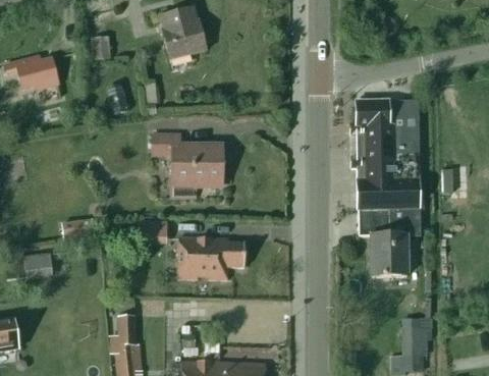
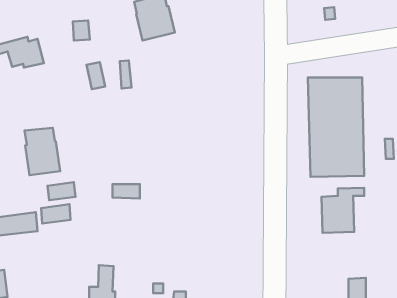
building: [153,133,222,197] -> none
building: none -> [25,128,60,175]
building: [360,212,420,235] -> none
building: [176,237,243,278] -> none
building: none -> [41,204,70,224]

